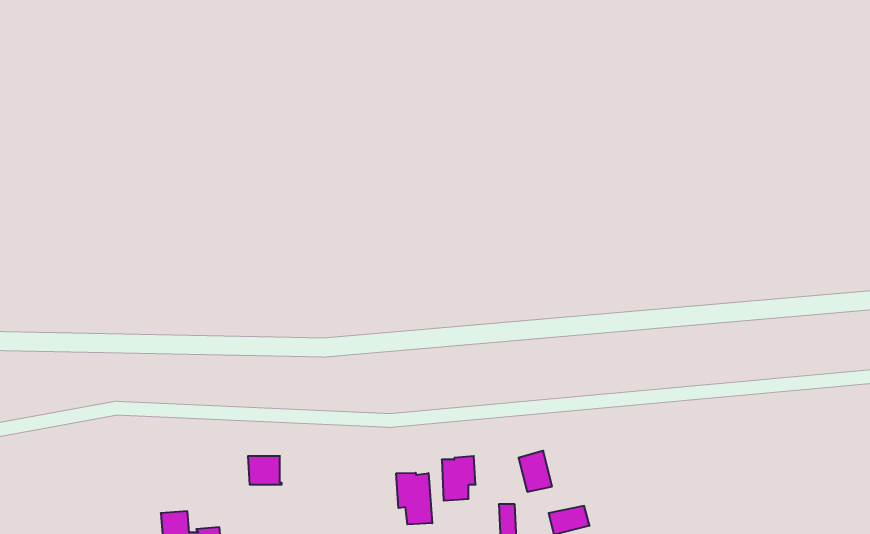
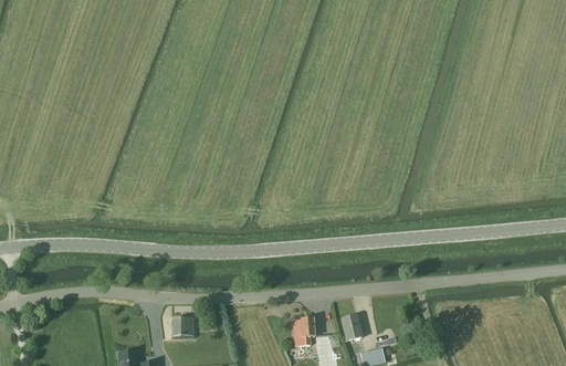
building: [396,473,432,524] -> none

